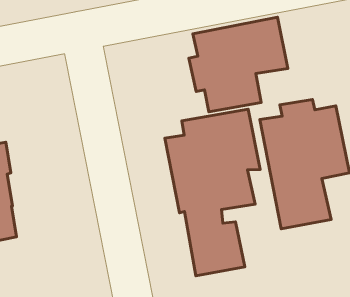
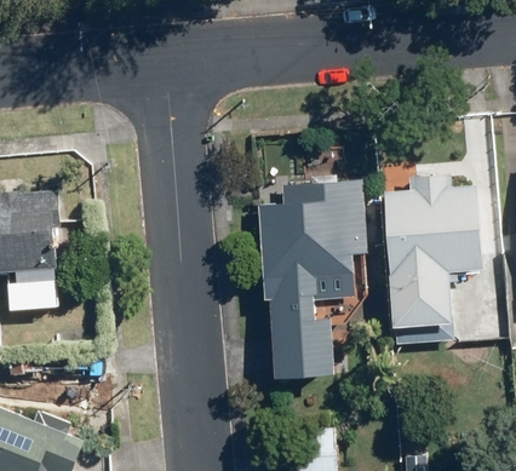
building: [189,17,288,112] -> none

